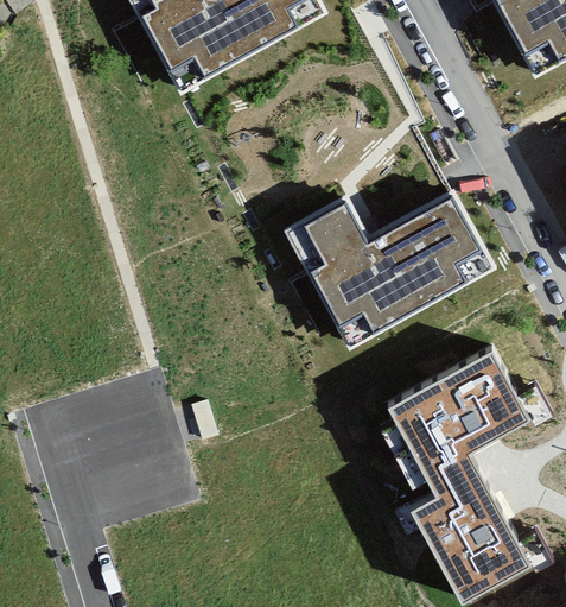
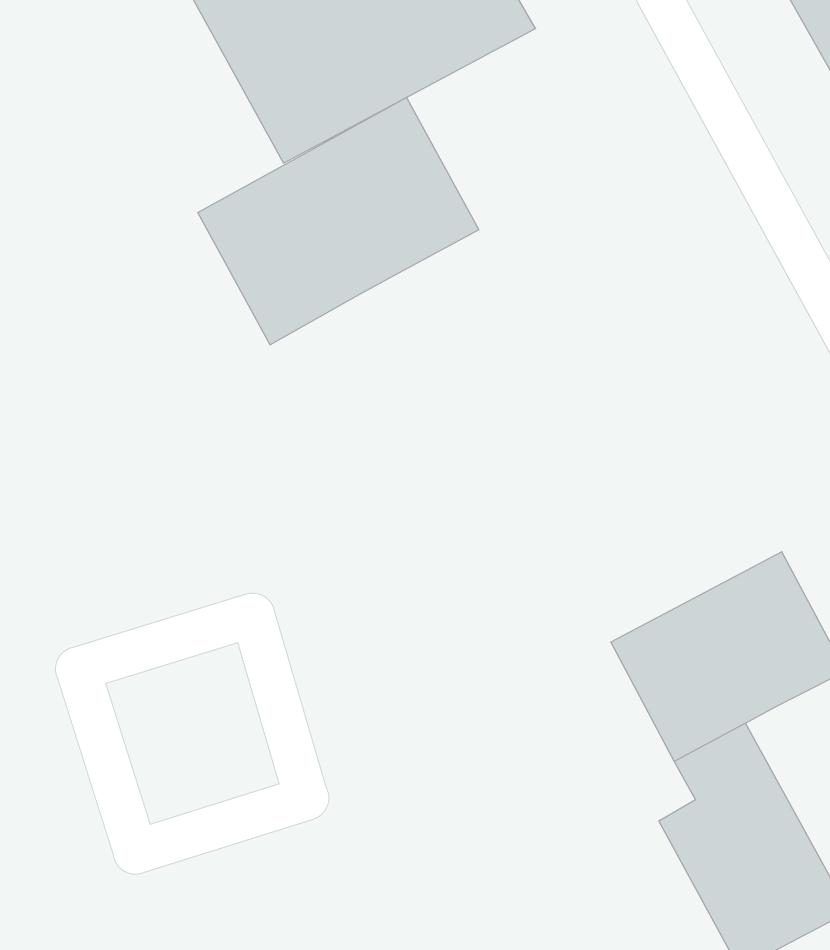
building: none -> [198,97,479,345]
building: [284,186,500,352] -> none

